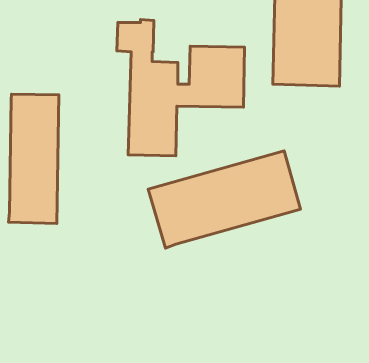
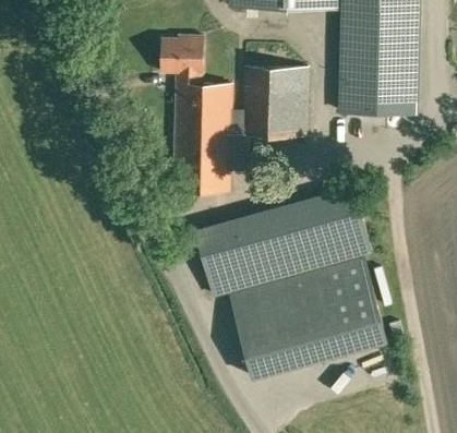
building: [9,94,59,224] -> none
building: none -> [228,254,389,383]

